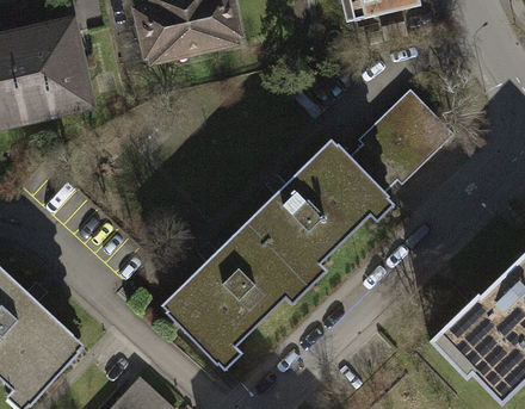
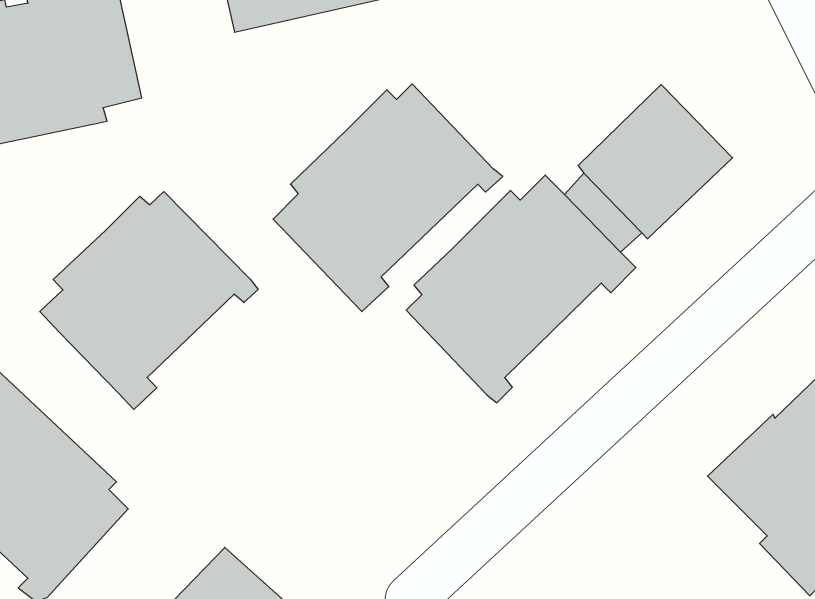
building: none -> [40,192,258,409]
building: [167,228,309,368] -> [273,84,503,312]

